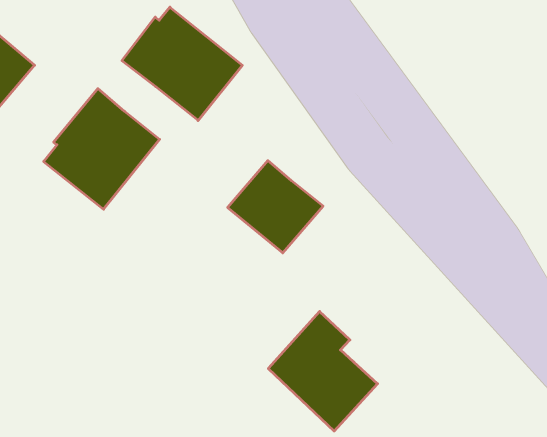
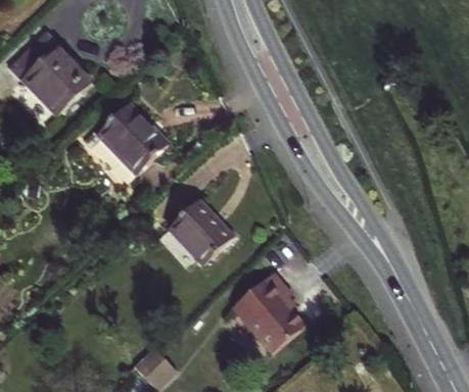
building: [122,7,242,121] -> none
building: [228,161,323,253] -> [170,198,234,261]

